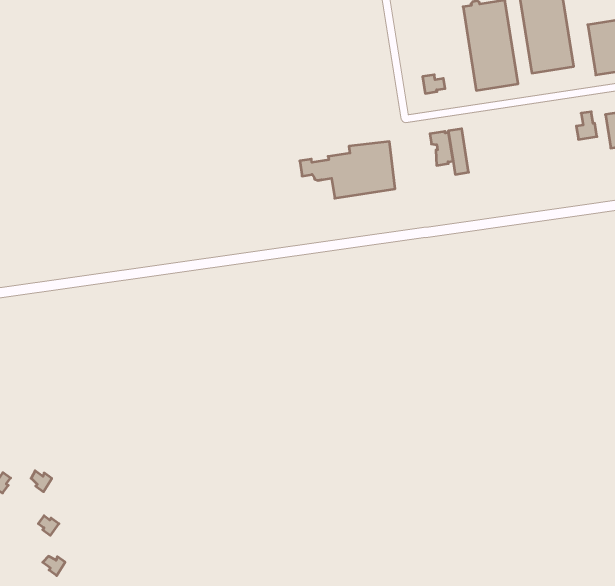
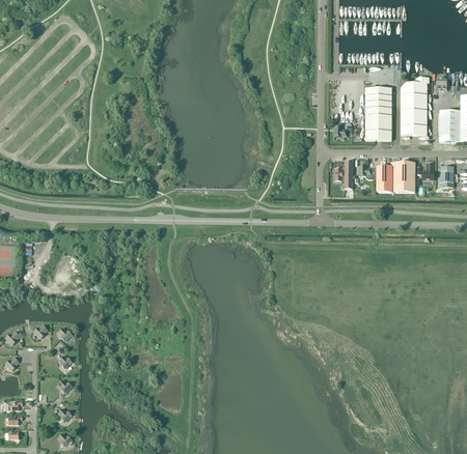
building: [300,142,395,198] -> [359,162,415,192]

